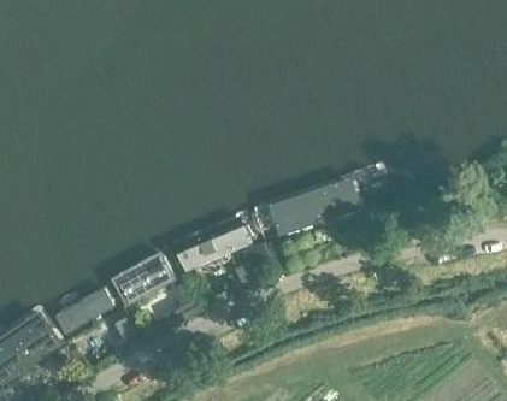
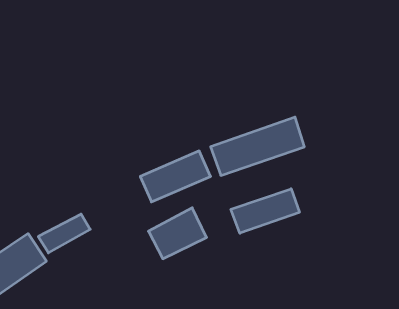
building: [110,248,178,308] -> [148,208,207,259]
building: none -> [231,189,299,233]

